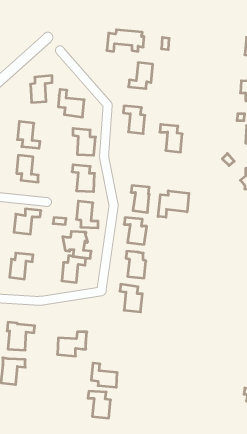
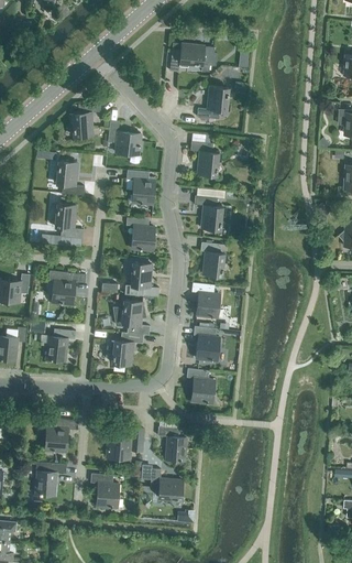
building: [160,124,182,152] -> [194,196,222,231]
building: [158,191,189,217] -> none
building: none -> [157,427,186,462]
building: [88,391,111,418] -> [90,475,119,509]

